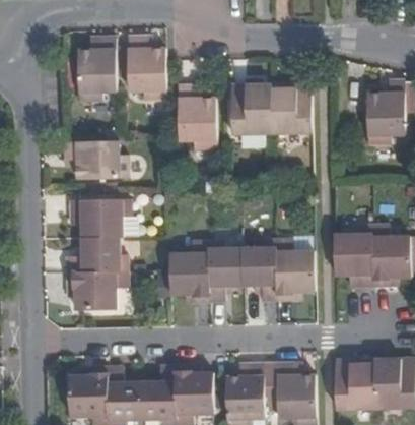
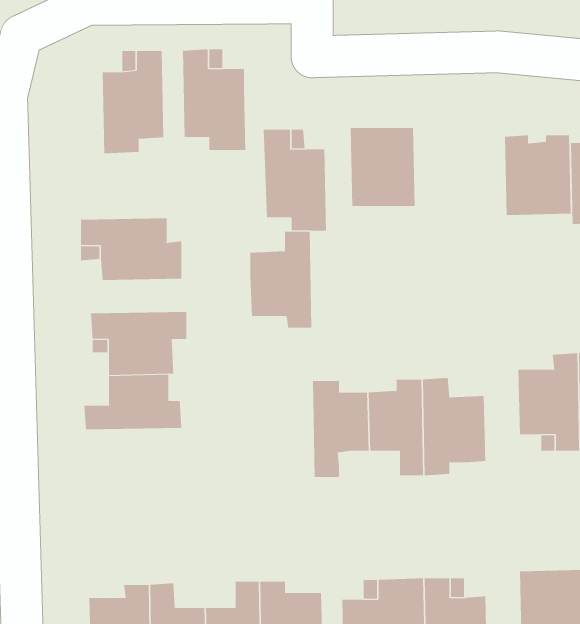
building: [270,84,312,134] -> [504,135,571,215]
building: [169,242,208,302] -> [250,231,312,328]
building: [67,271,127,311] -> none

